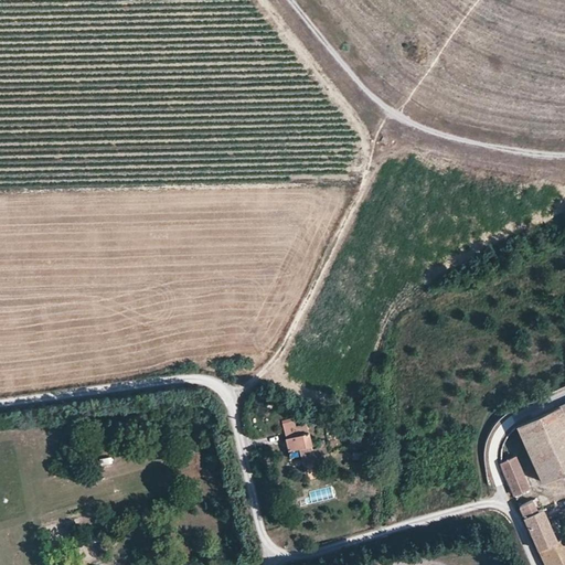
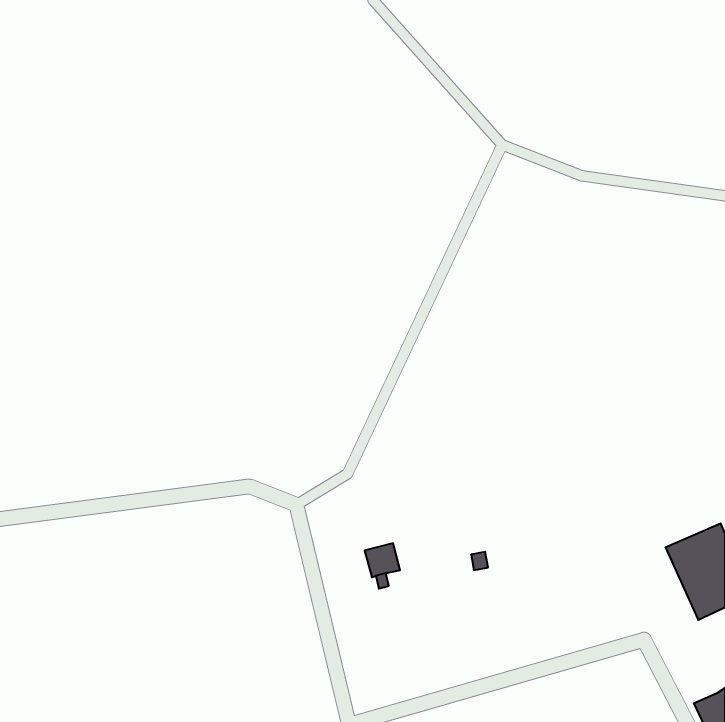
building: [501,459,529,495] -> none
building: [521,502,557,550] -> none

